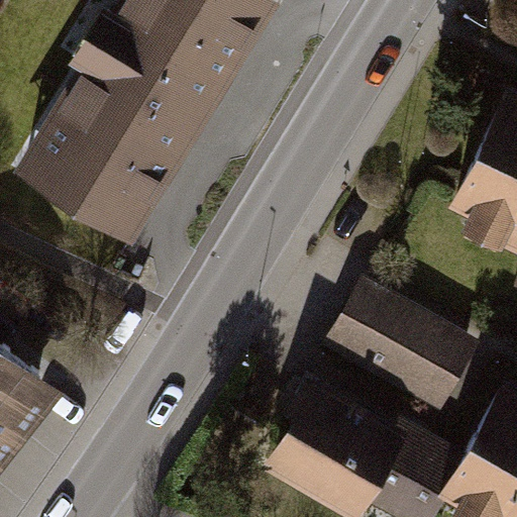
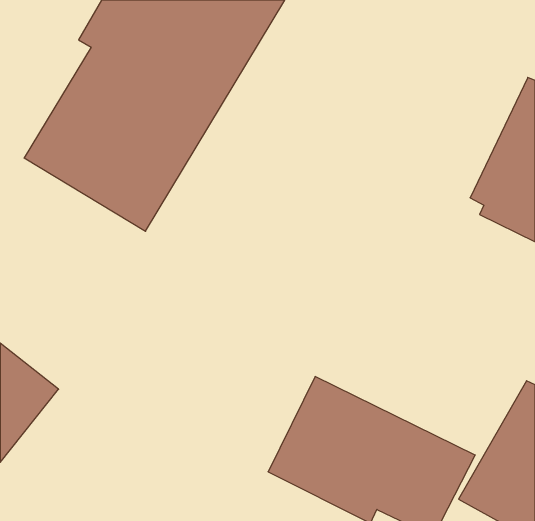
building: [328,281,478,412] -> none

